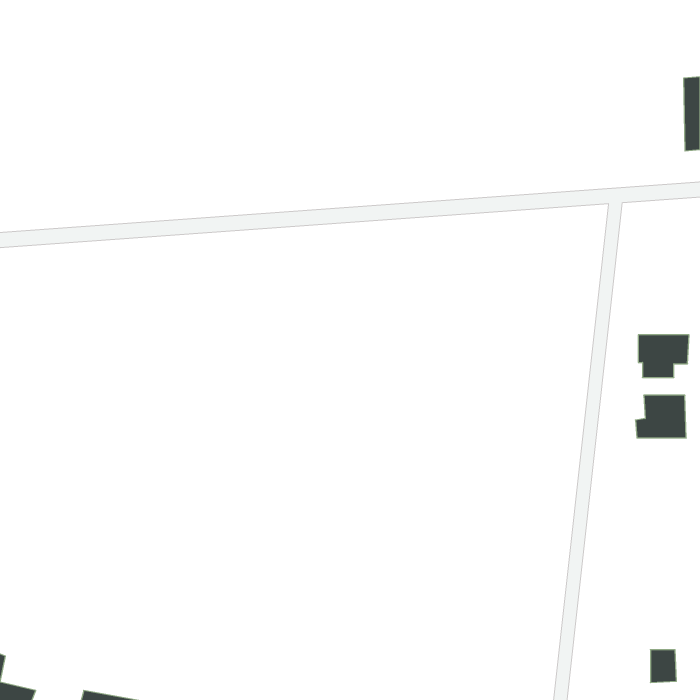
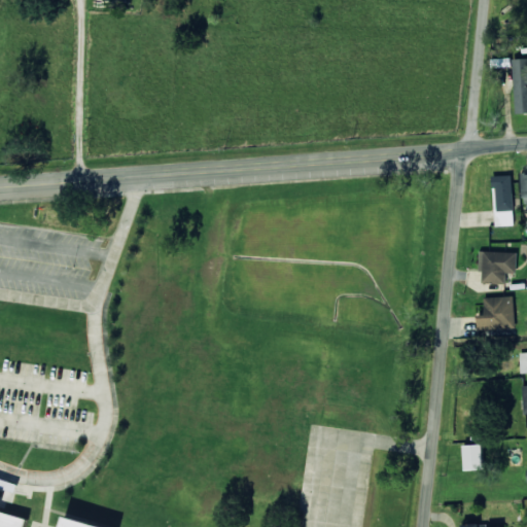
building: none -> [493,176,513,226]
building: [650,650,676,683] -> [463,446,483,470]

